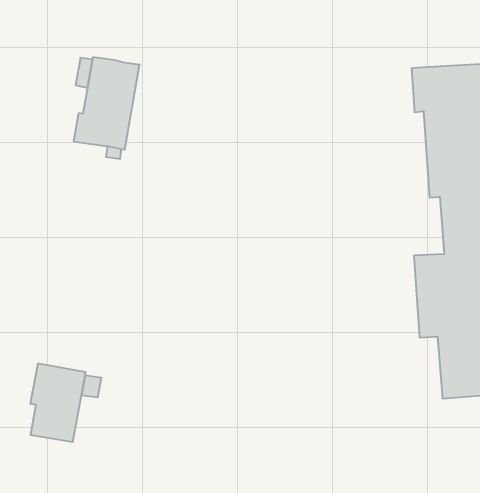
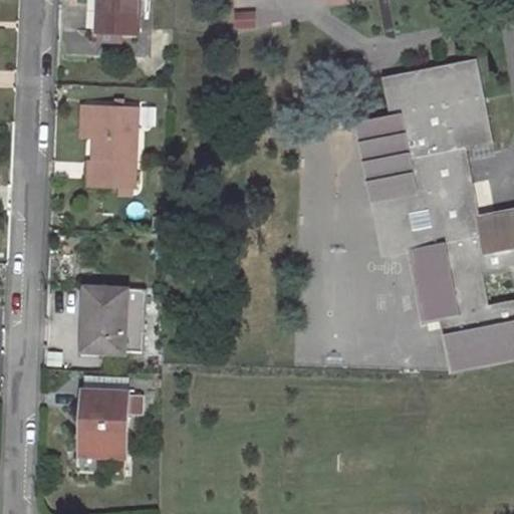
building: none -> [357,114,435,251]
building: none -> [82,288,144,351]

